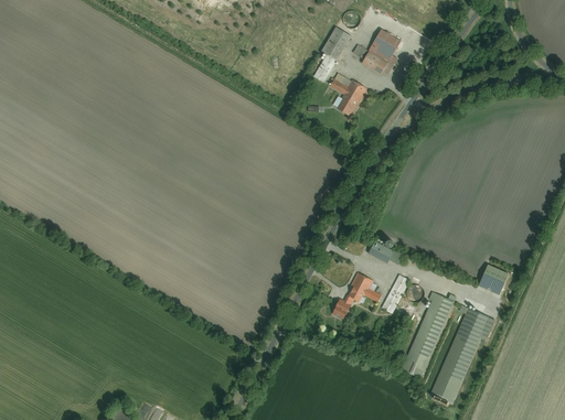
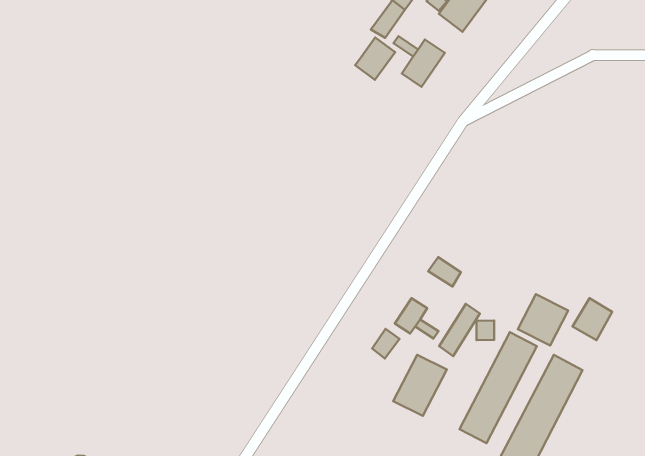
building: none -> [355,38,395,80]
building: none -> [518,294,568,346]
building: none -> [393,355,447,416]

